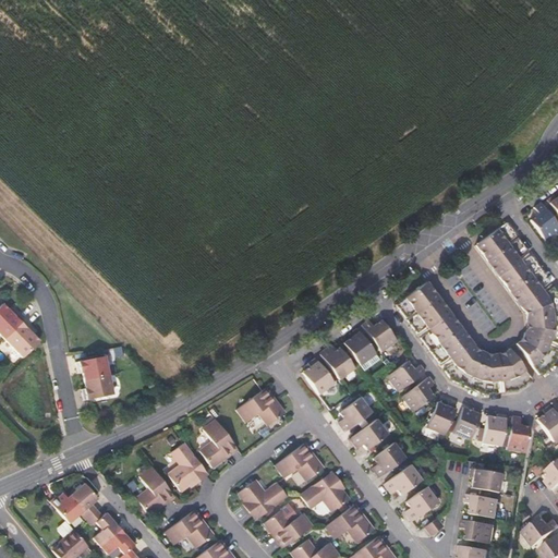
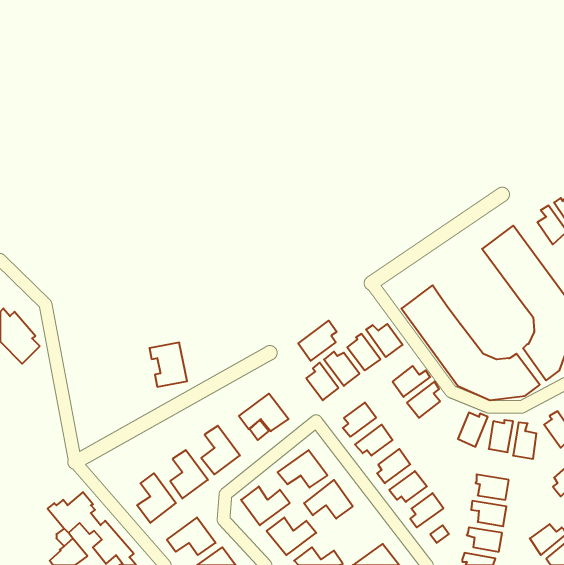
building: none -> [298,321,337,361]
building: [75,355,112,399] -> [149,343,187,387]
building: [427,402,457,435] -> none
building: [325,505,374,542] -> none

